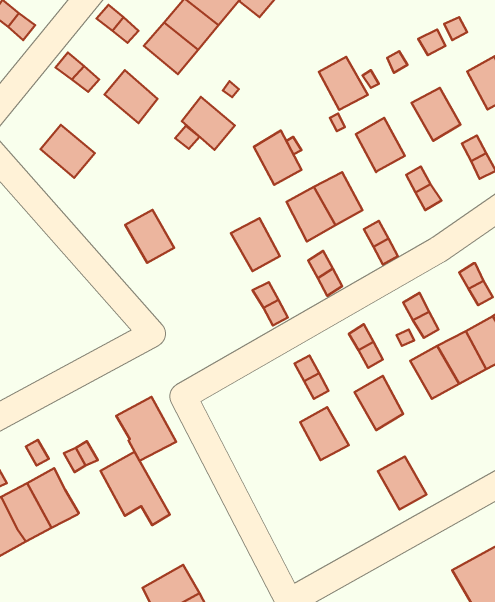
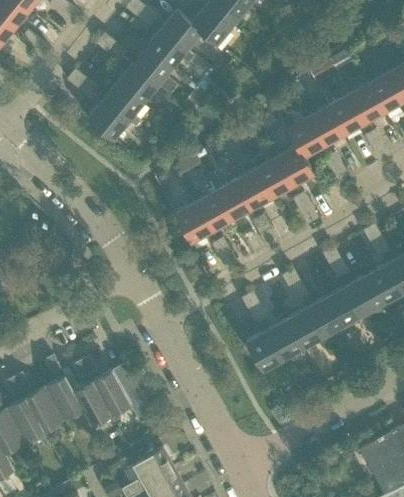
building: [319,57,368,110] -> [309,107,345,146]
building: none -> [350,84,385,123]
building: [182,97,235,150] -> [118,65,157,104]
building: [40,125,95,178] -> [88,101,128,140]
building: [254,131,301,185] -> [217,180,252,220]
building: none -> [278,147,314,186]
building: [125,210,174,263] -> [176,203,212,242]
building: none -> [308,297,344,336]
building: [116,397,176,461] -> [74,378,118,425]
building: [378,456,427,509] -> [267,320,303,359]

